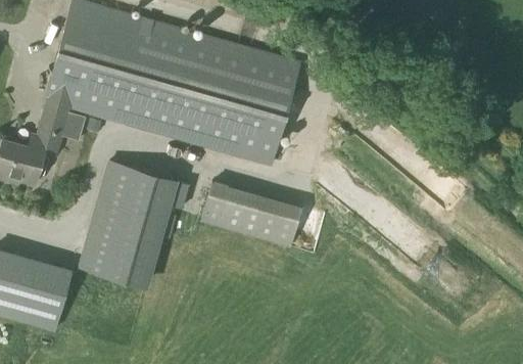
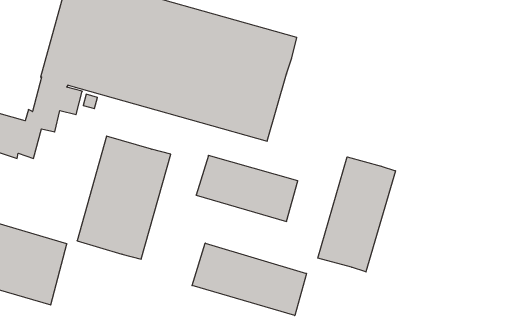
building: none -> [318,157,395,272]
building: none -> [192,243,306,316]

